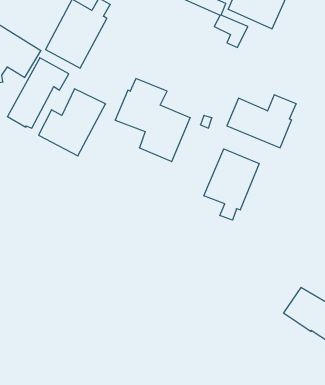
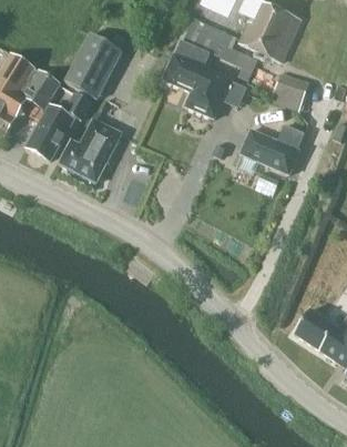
building: none -> [269,71,309,111]
building: [115,79,190,162] -> [161,40,233,120]
building: [204,149,259,220] -> none

